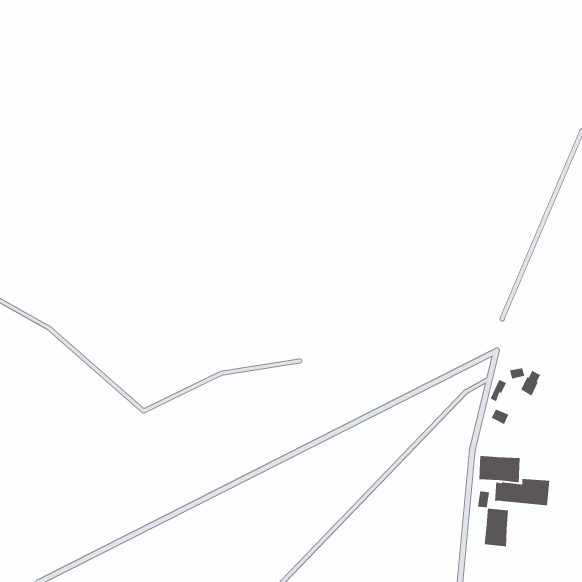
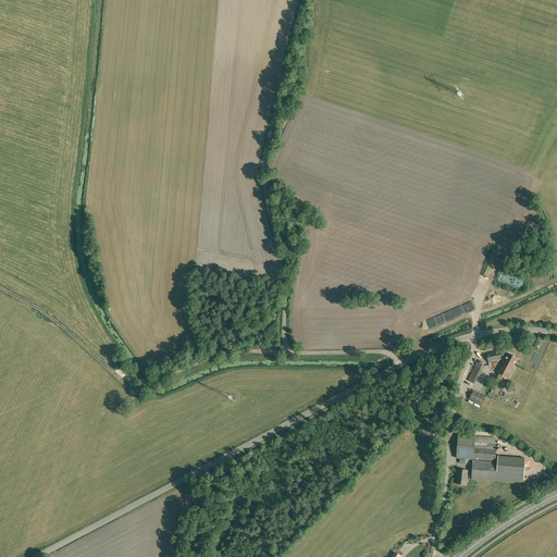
building: [484,508,509,547] -> none

